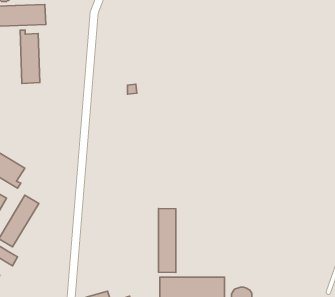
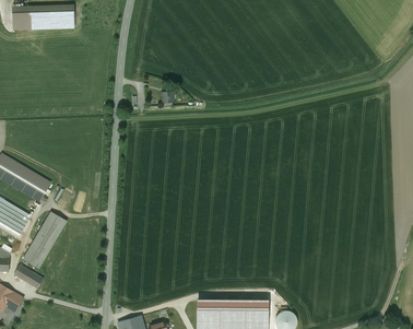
building: [20,30,40,83] -> none
building: [158,208,176,273] -> none

